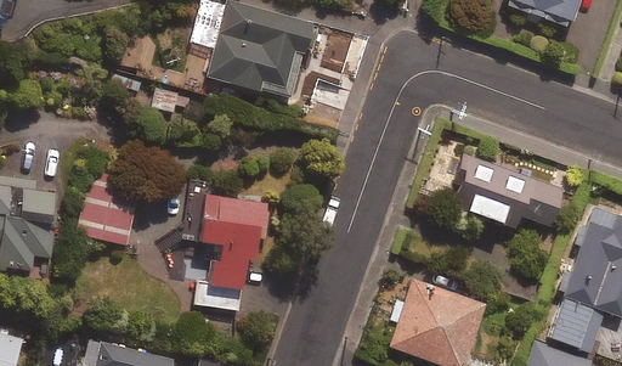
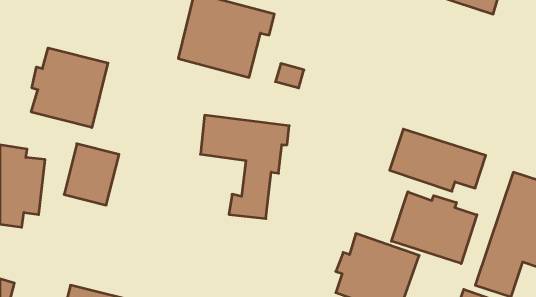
building: none -> [31,48,108,128]
building: [163,191,265,310] -> [200,115,289,219]
building: none -> [391,192,477,264]

